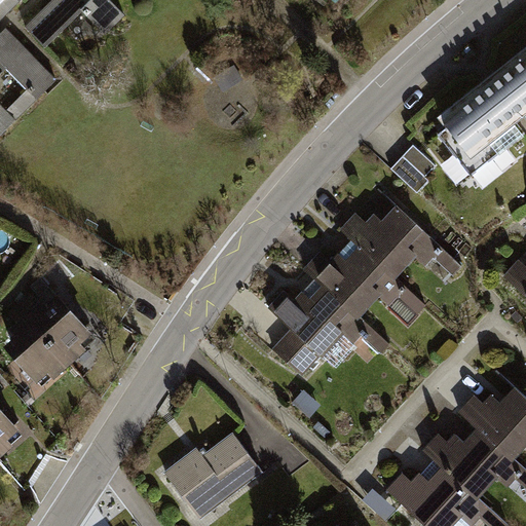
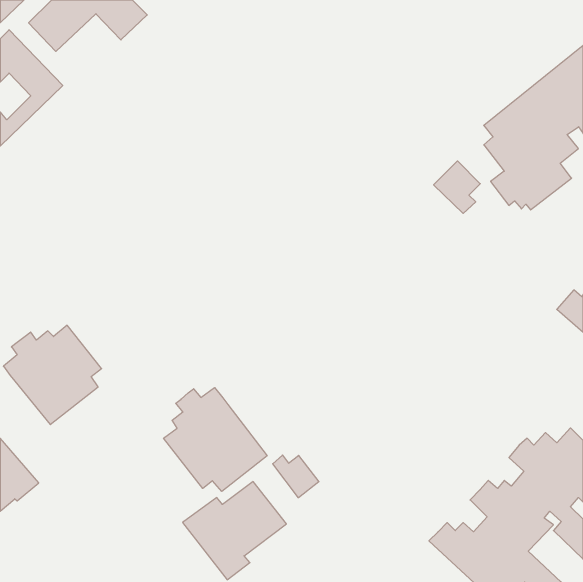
building: [265,204,457,374] -> none
building: none -> [164,388,267,491]
building: none -> [273,455,319,498]

